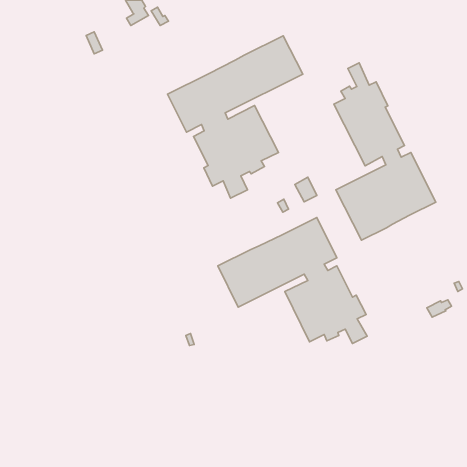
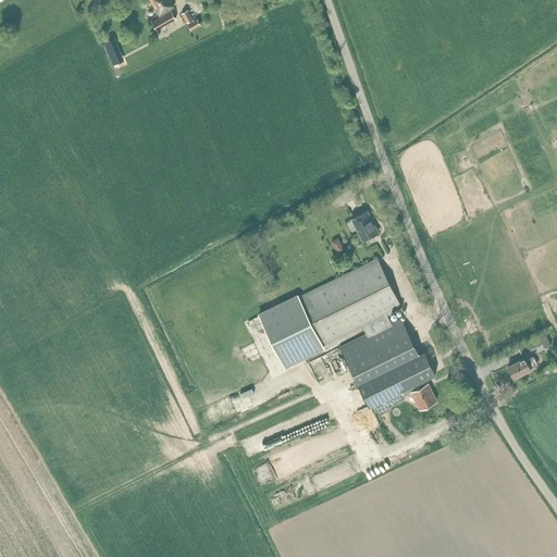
building: [168,36,303,198] -> none
building: [334,63,436,240] -> none

